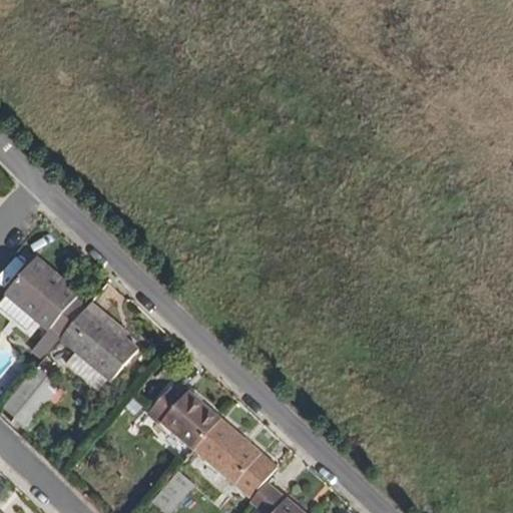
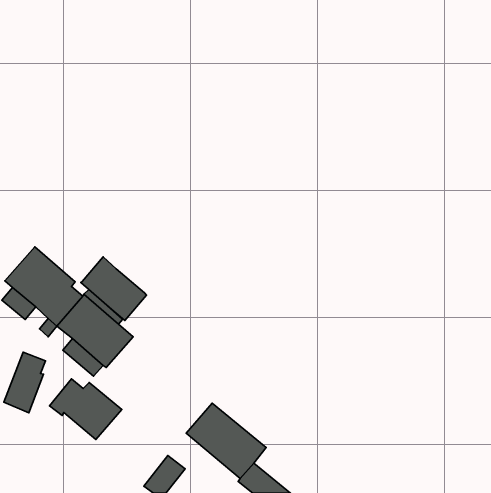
building: none -> [81,257,146,321]
building: [145,387,220,450] -> [49,379,122,440]

